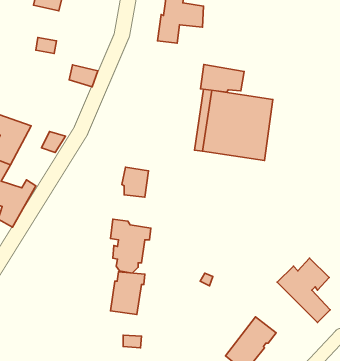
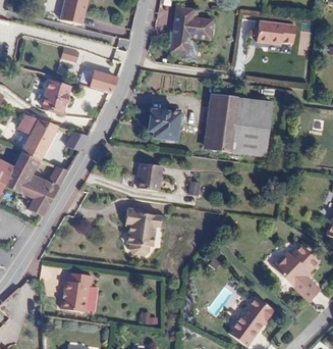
building: [200,65,244,92] -> [256,18,294,43]
building: none -> [42,81,69,113]
building: none -> [150,108,184,139]
building: [110,272,145,314] -> [59,271,90,309]

